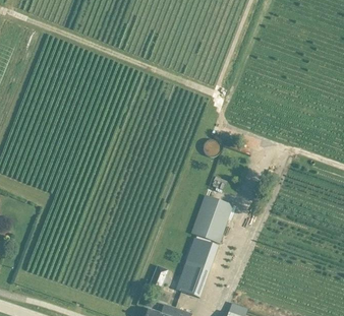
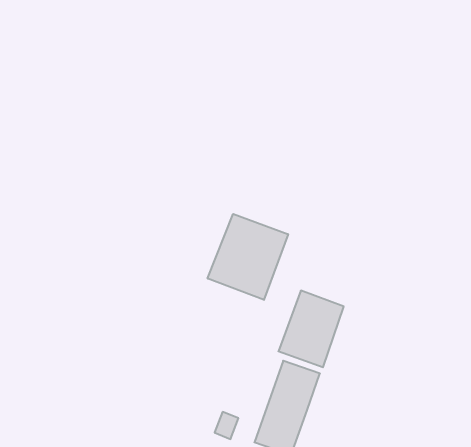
building: none -> [208,214,288,300]

